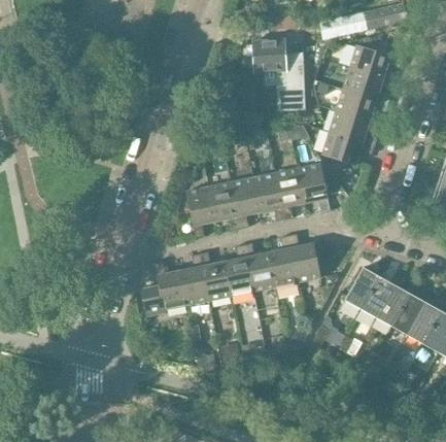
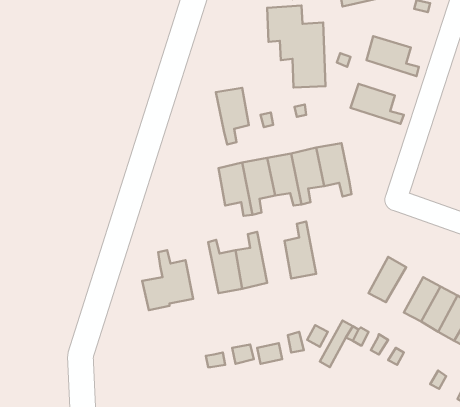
building: [349,43,402,76] -> none
building: [336,88,388,120] -> none
building: [321,131,374,164] -> none
building: [185,185,215,237] -> [216,88,249,145]
building: [288,233,320,281] -> none
building: [244,242,275,290] -> none
building: [179,252,209,304] -> none
building: [361,275,394,316] -> none

